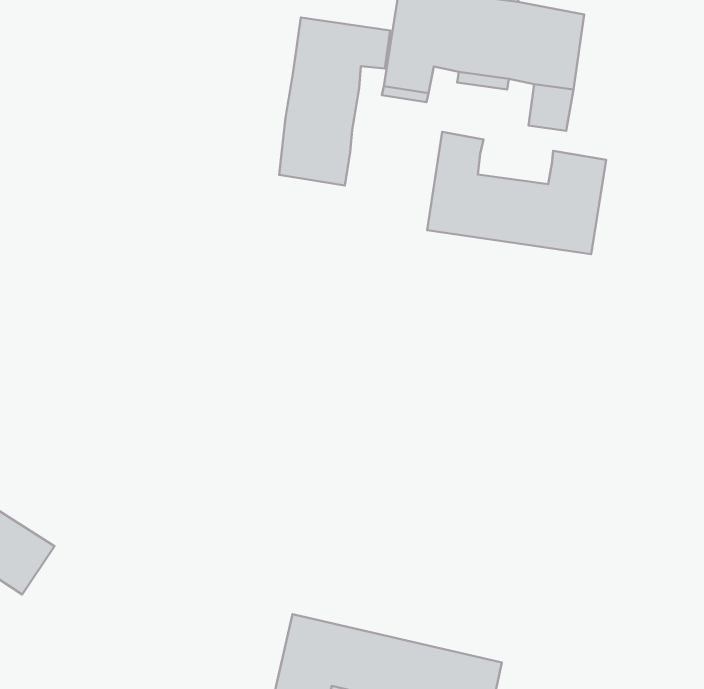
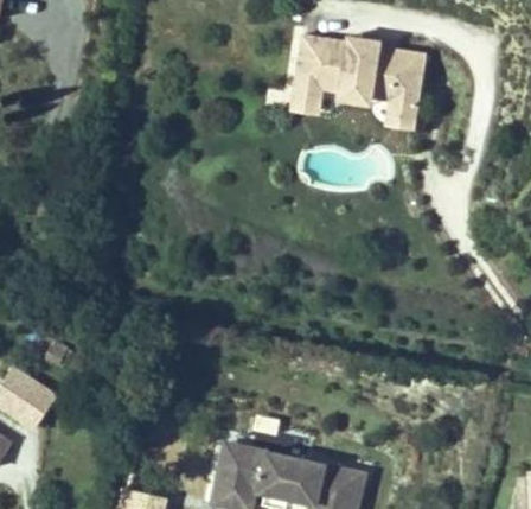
building: [279,17,390,185] -> none
building: [427,132,606,254] -> none

